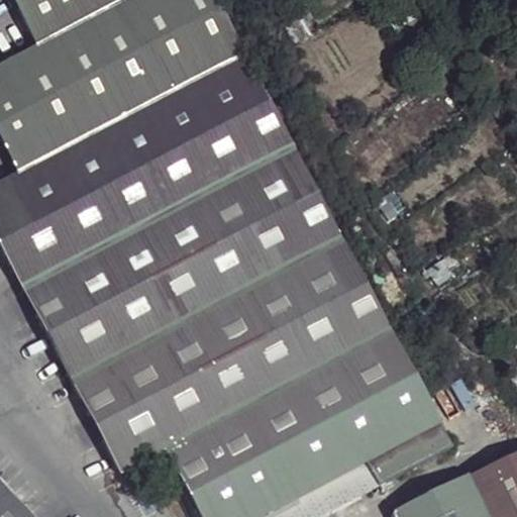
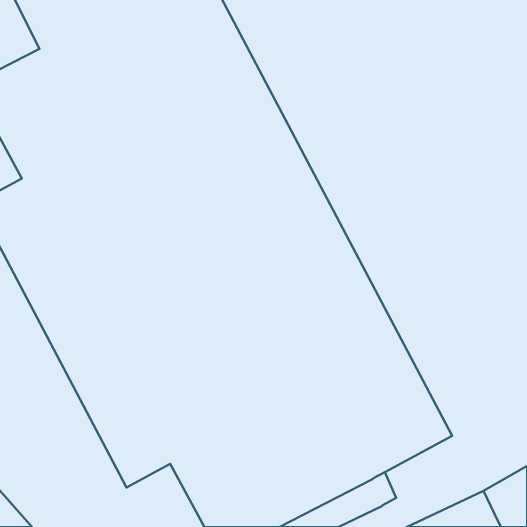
building: [375,424,452,485] -> none

